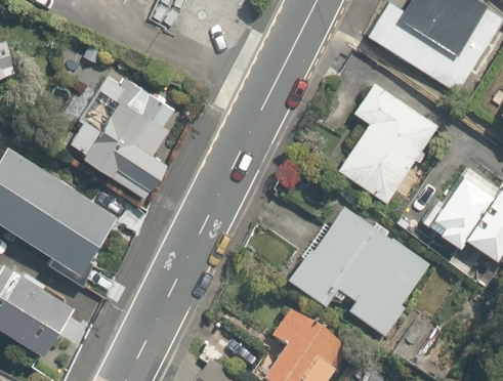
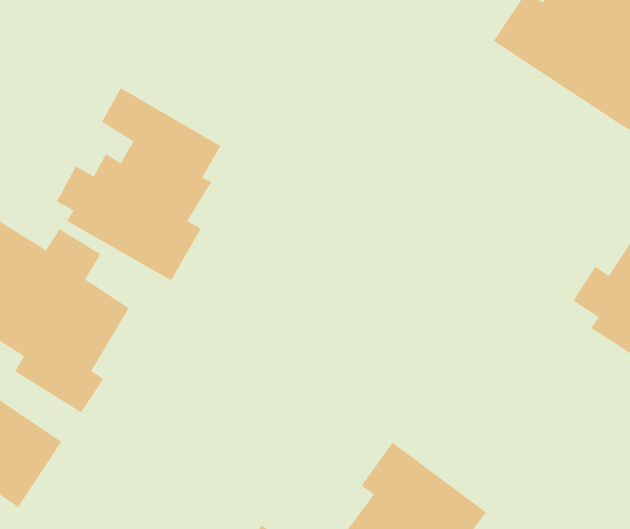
building: [331,85,441,210] -> none
building: [285,197,436,337] -> none

